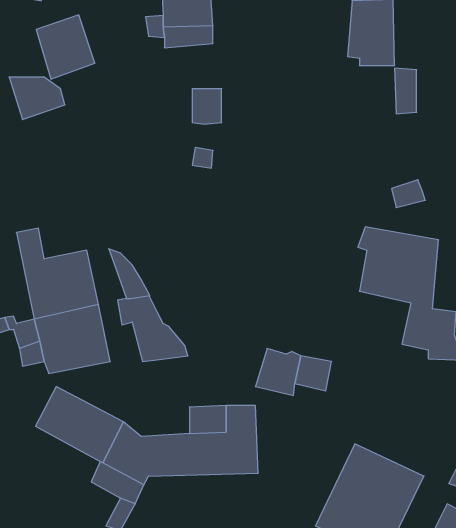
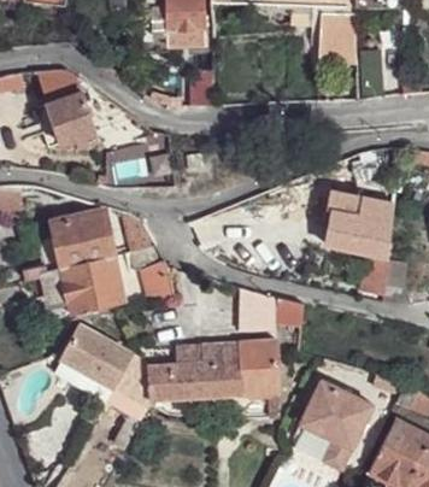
building: [36,15,95,79] -> [48,94,96,147]
building: none -> [240,340,281,397]

